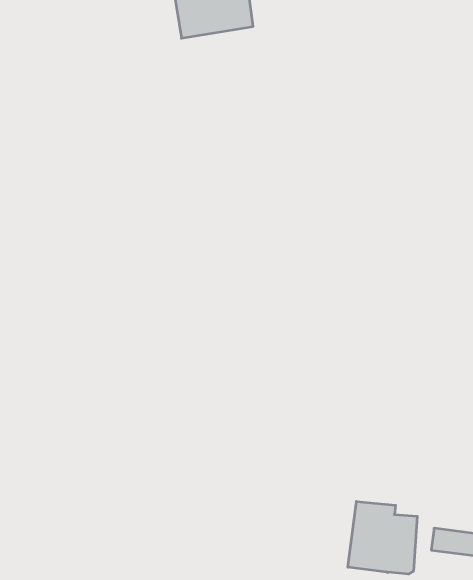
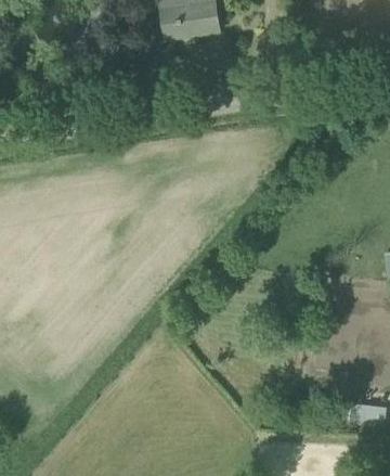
building: [348,501,417,574] -> none

